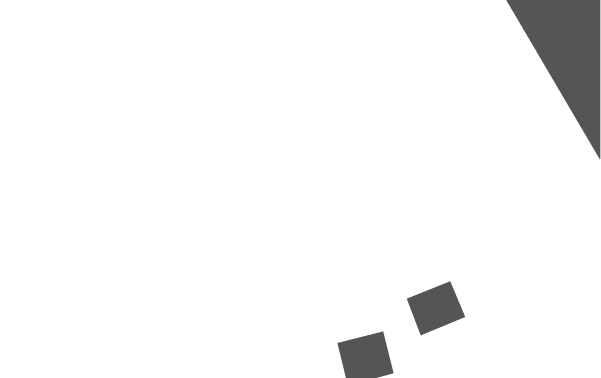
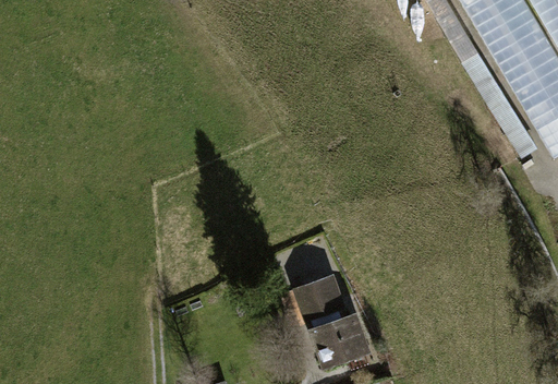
building: [406,281,466,336] -> [291,269,347,321]

